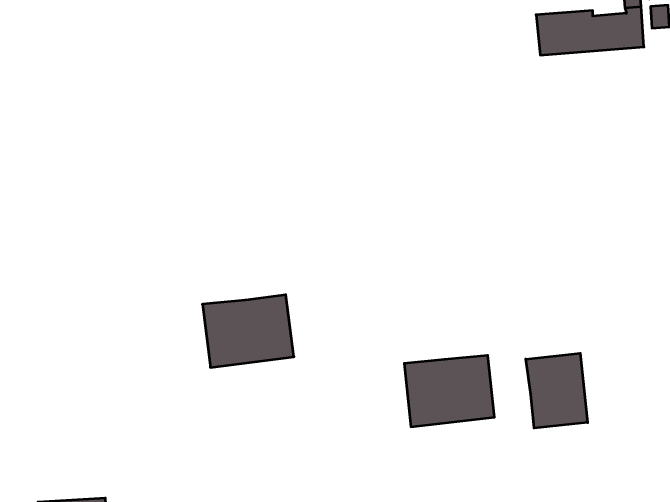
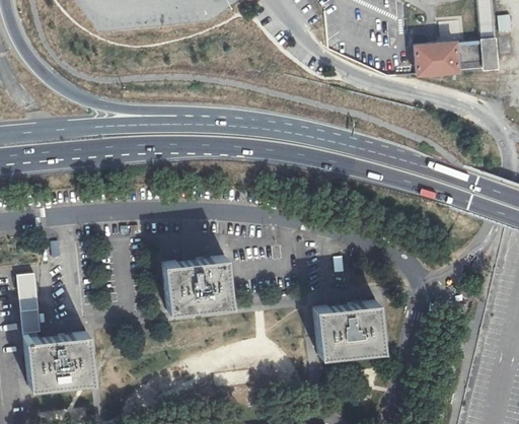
building: none -> [18,276,93,387]
building: [526,353,588,428] -> none

